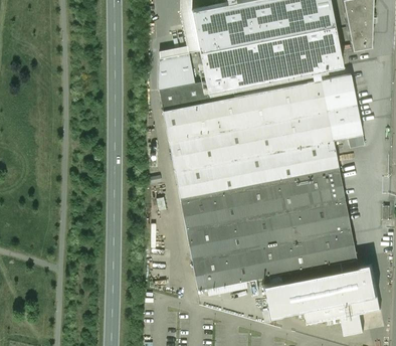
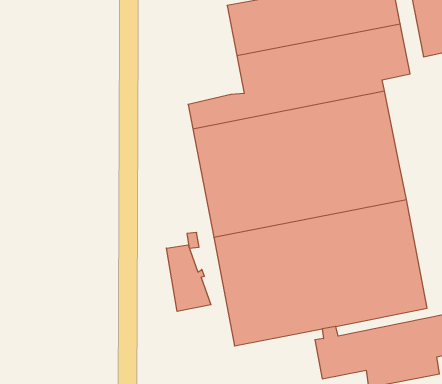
building: [159,53,194,92] -> none
building: [321,75,364,149] -> none
building: none -> [166,245,211,311]

